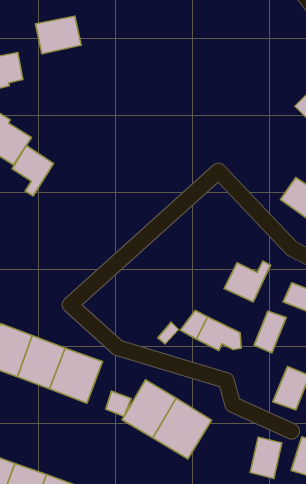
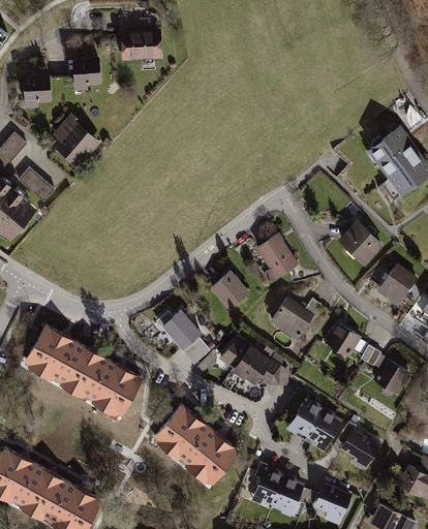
building: [12,146,54,196] -> none
building: none -> [256,235,297,283]
building: none -> [208,271,250,312]
building: none -> [163,310,201,348]
building: [254,311,286,353] -> [285,399,322,441]
building: [106,391,131,416] -> none
building: none -> [249,466,282,508]

